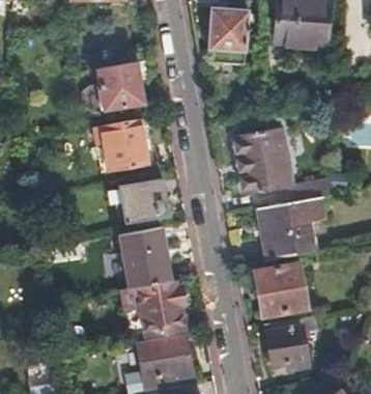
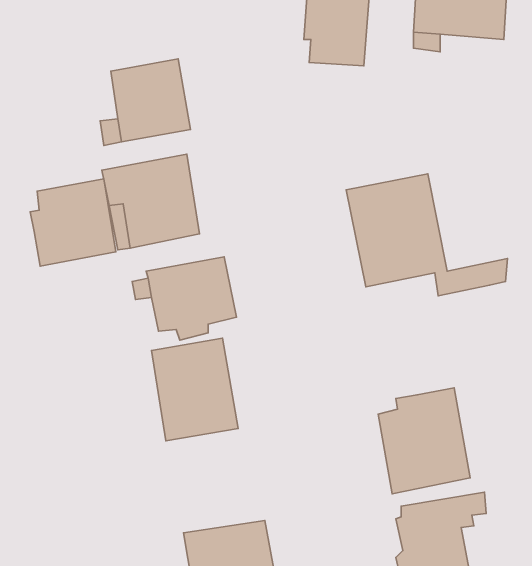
building: none -> [30,179,116,266]
building: [267,194,323,258] -> none
building: [122,278,187,334] -> none

